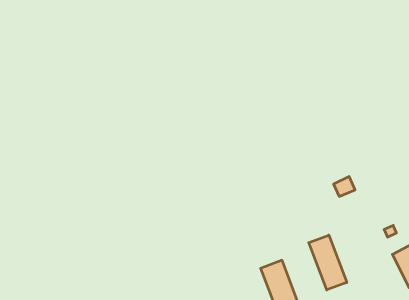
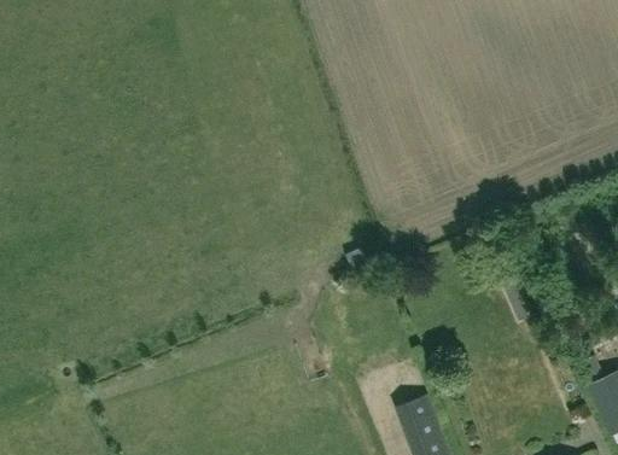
building: [309,235,347,290] -> none

